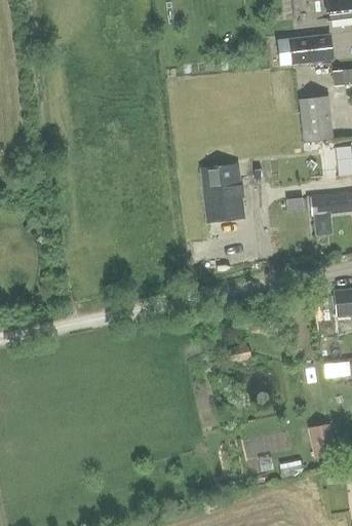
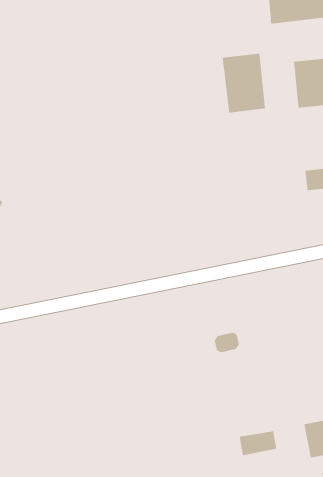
building: [201,164,241,219] -> [222,53,266,113]

